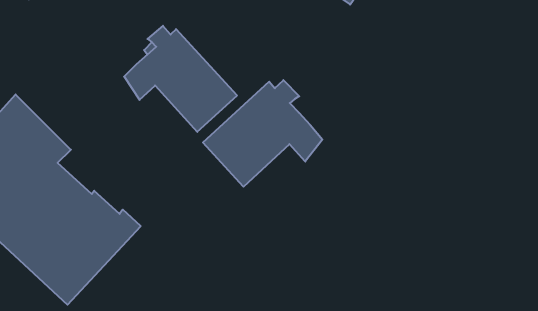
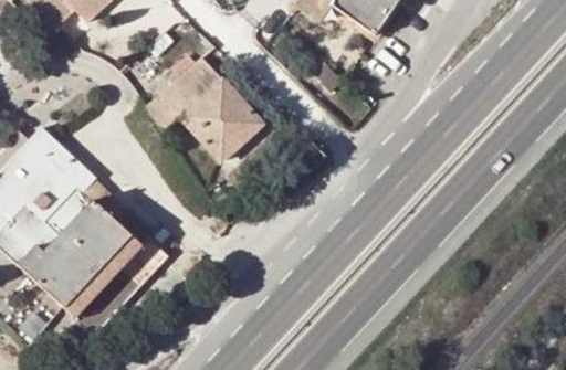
building: [203,80,322,187] -> none

